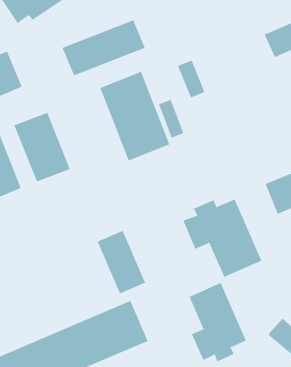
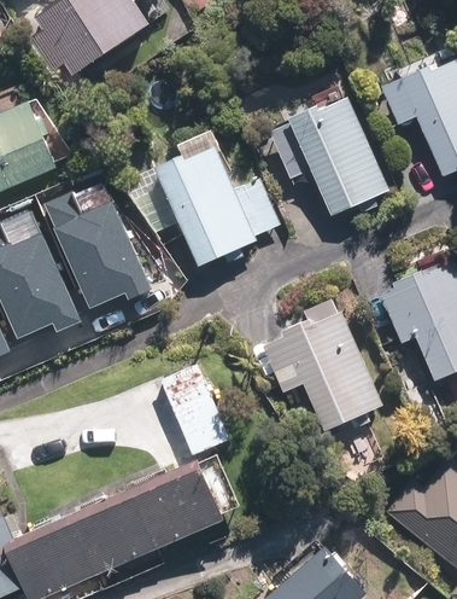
building: [62,19,145,76] -> none
building: none -> [289,95,388,219]
building: [189,282,247,362] -> none

